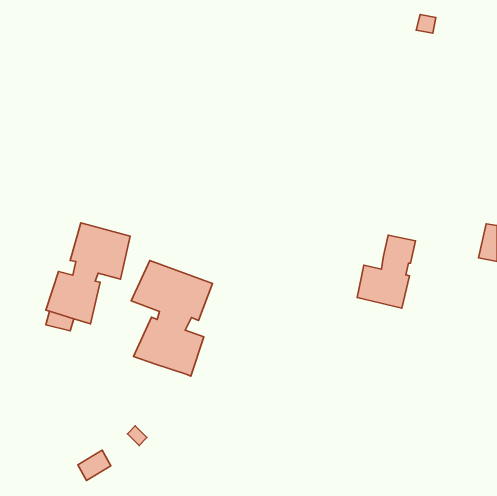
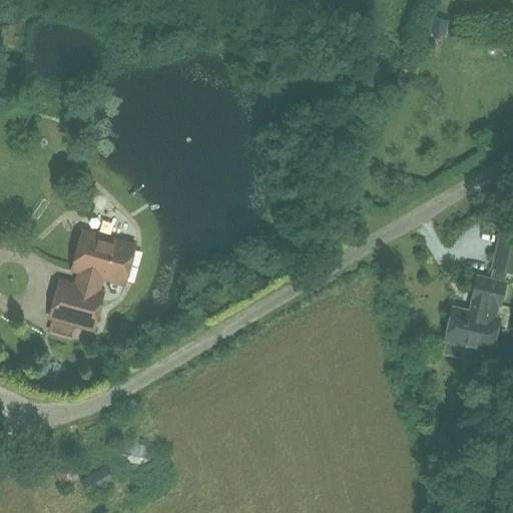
building: [357,235,415,308] -> [445,275,505,350]
building: [131,261,213,376] -> none

